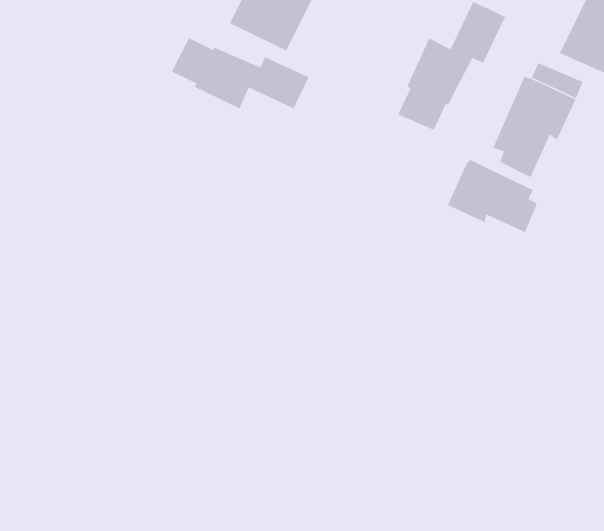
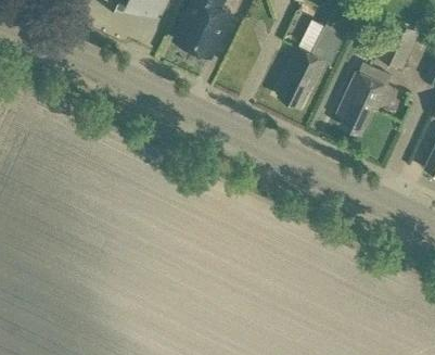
building: [171,37,310,109] -> none
building: [447,159,538,233] -> none

